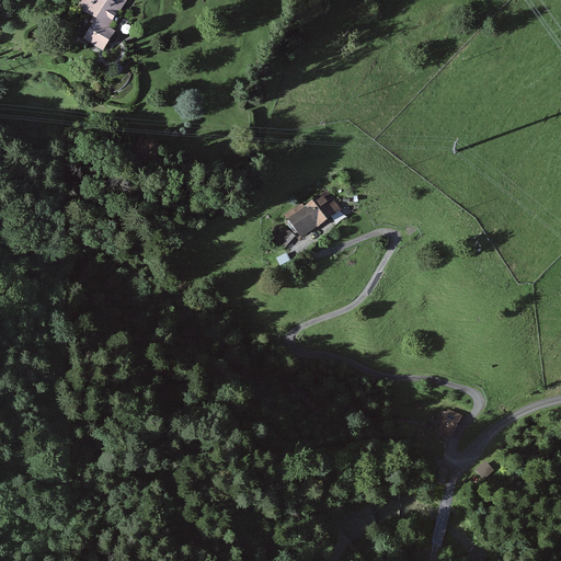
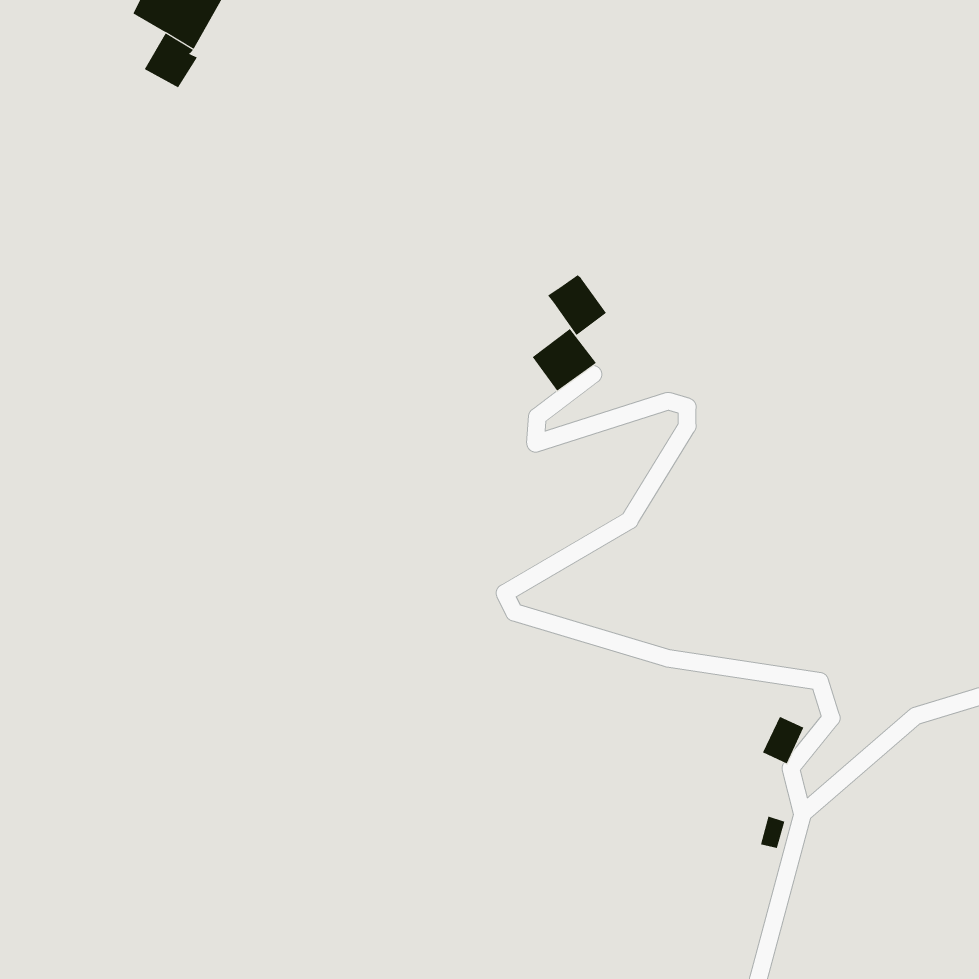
building: [284,202,318,237] -> [547,274,607,336]

